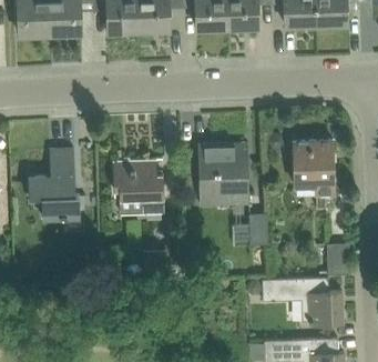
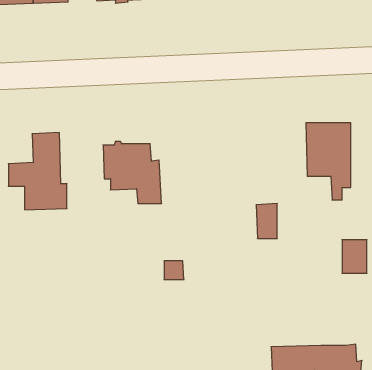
building: [198,143,248,203] -> none
building: [262,276,343,325] -> none

